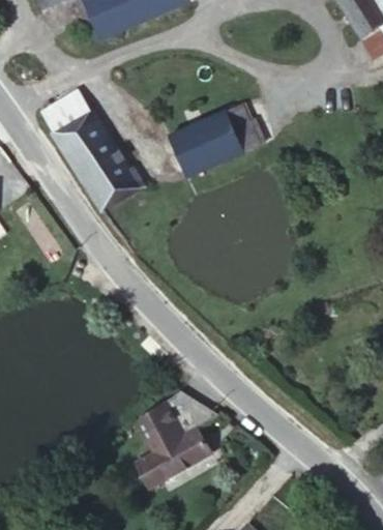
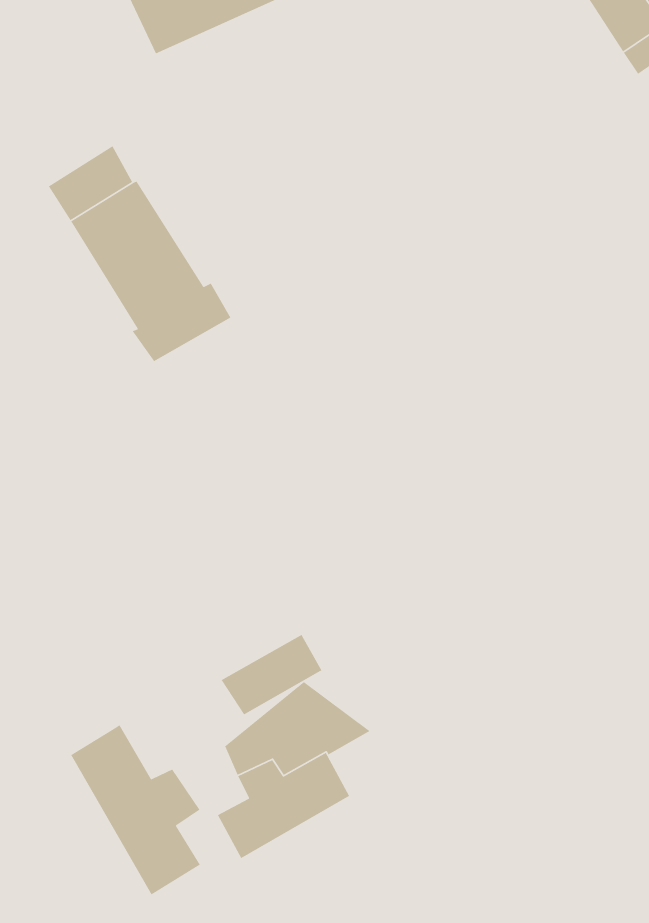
building: [170,105,258,174] -> none
building: none -> [220,634,322,716]
building: none -> [70,724,201,896]

